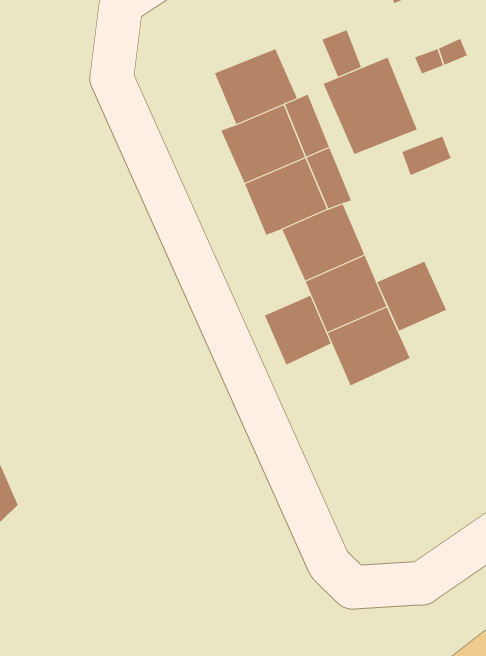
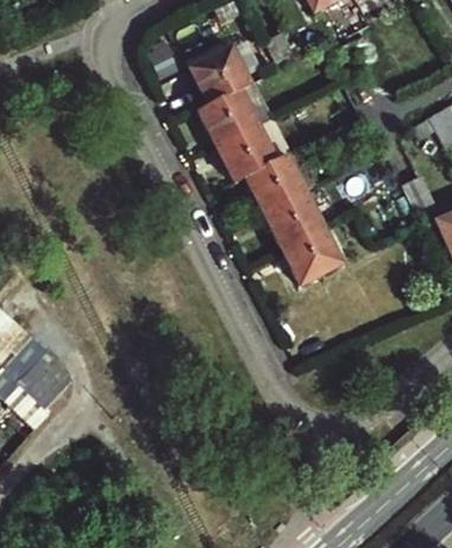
building: [323,57,418,155] -> none
building: [377,261,447,331] -> none
building: [264,295,331,365] -> none

